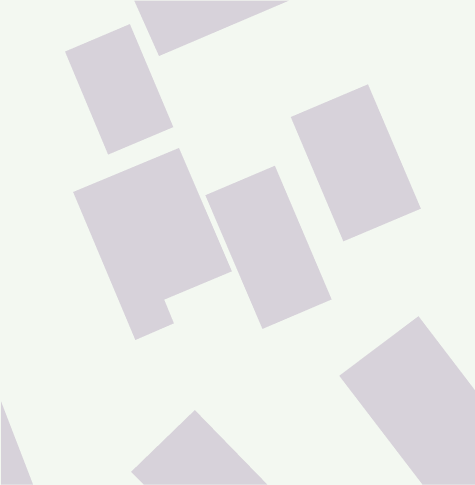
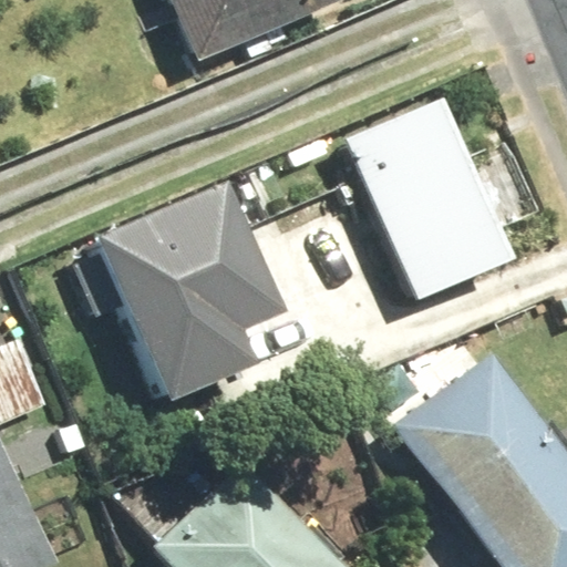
building: [64,23,174,156] -> none
building: [205,165,333,330] -> none

